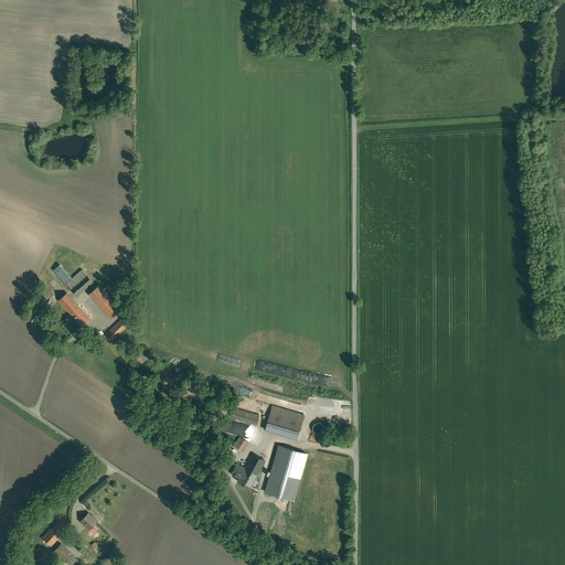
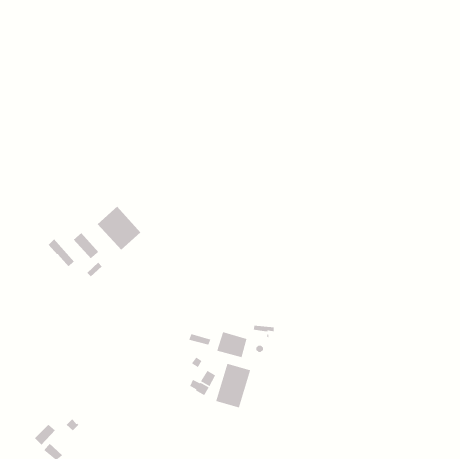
building: none -> [97,206,141,251]
building: [54,266,93,297] -> none

